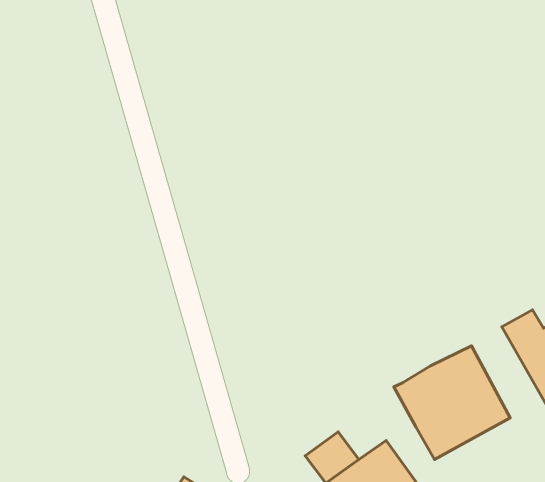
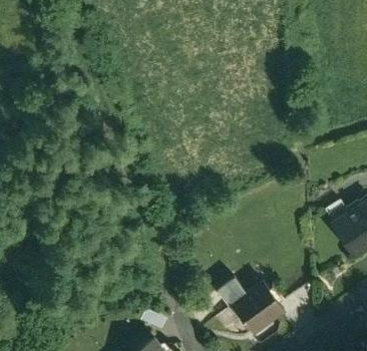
building: [394,346,510,459] -> none

